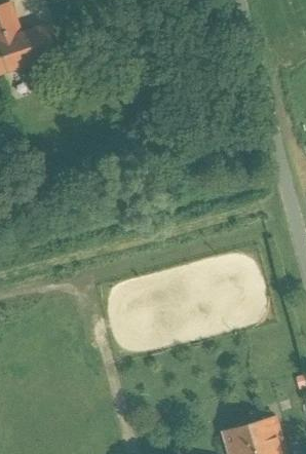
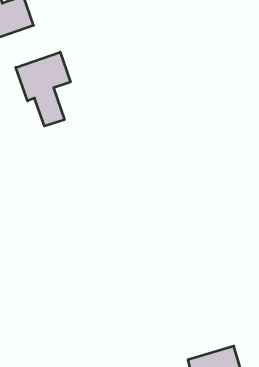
building: none -> [16,52,70,126]

